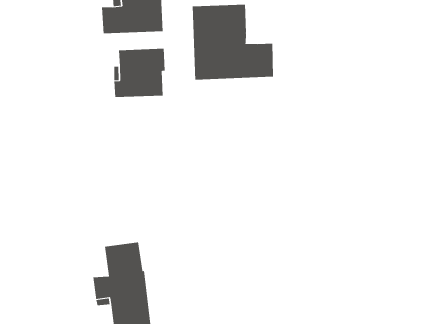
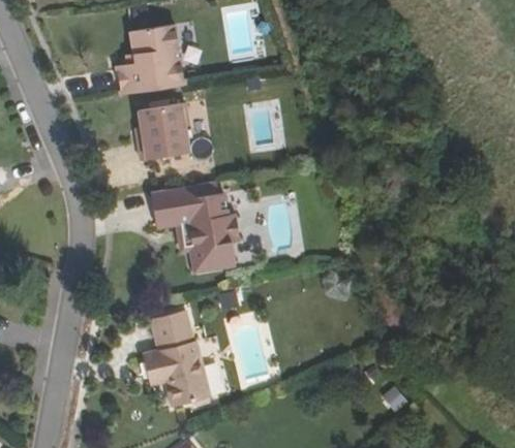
building: [192,4,273,80] -> none
building: none -> [151,186,242,269]

